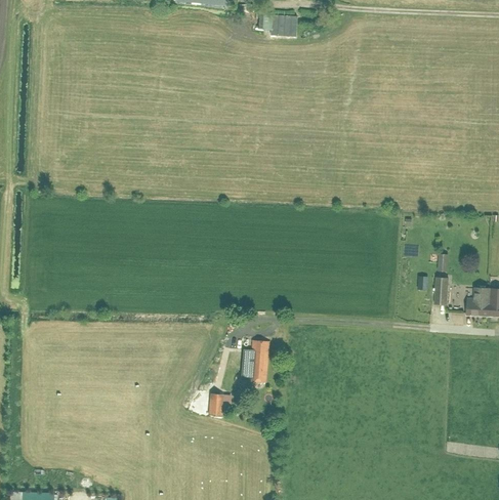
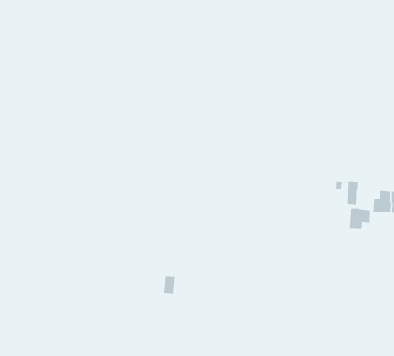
building: none -> [349,208,370,229]
building: [249,339,268,381] -> none

